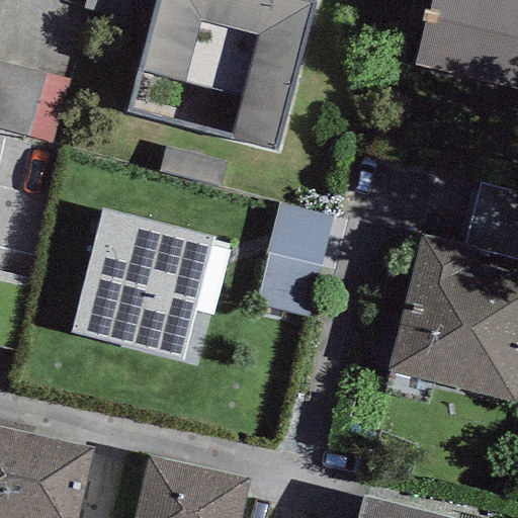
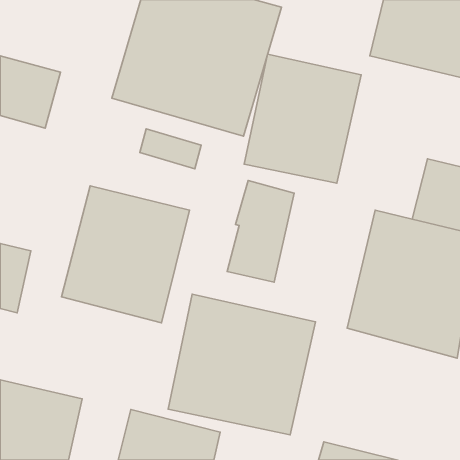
building: none -> [244,54,361,183]
building: none -> [168,294,316,435]

